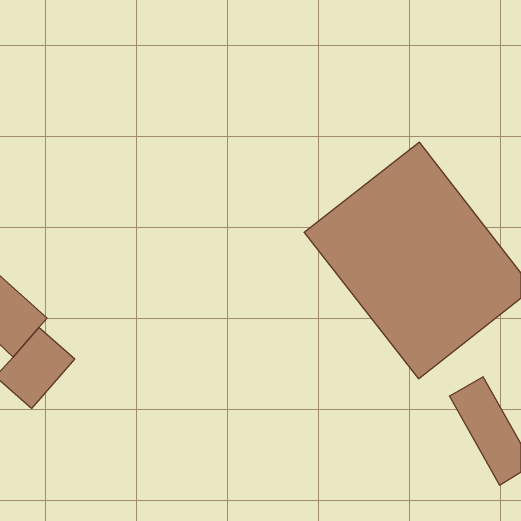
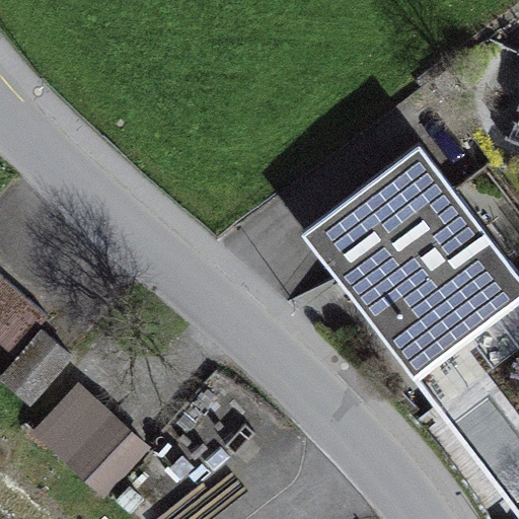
building: none -> [38,387,144,491]

